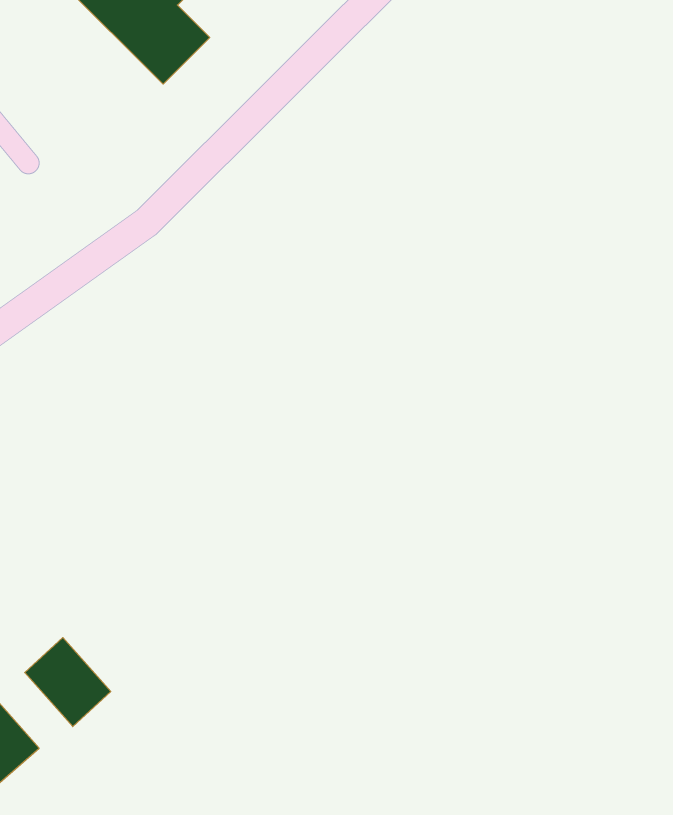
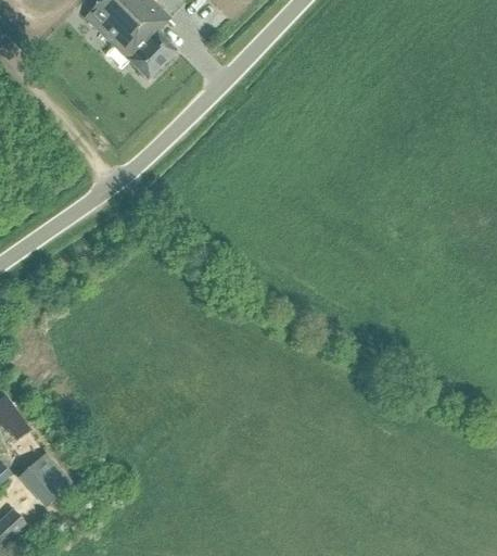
building: [25,638,111,727] -> none

